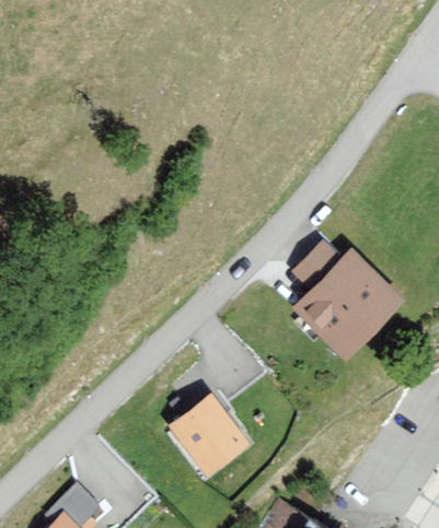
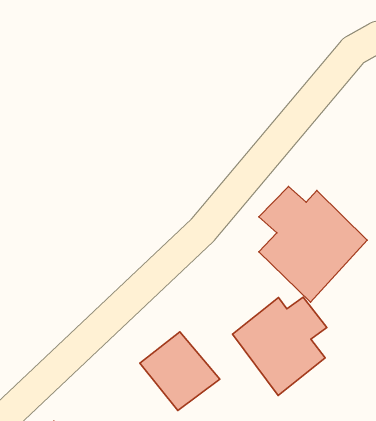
building: none -> [232,297,327,395]

